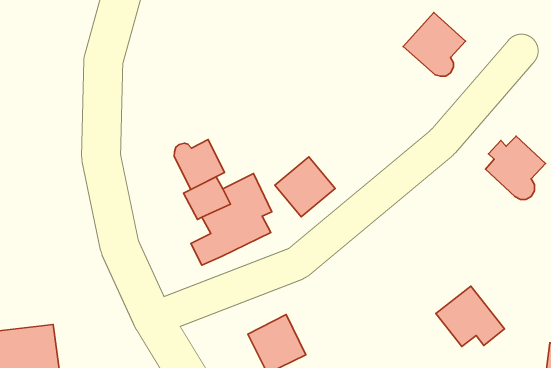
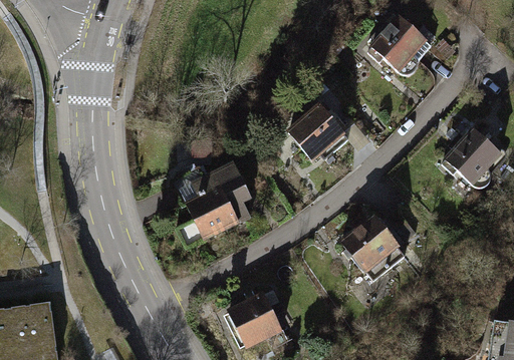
building: [174,139,224,189] -> none
building: [275,157,335,217] -> [287,104,342,159]
building: [436,286,505,346] -> [341,216,405,271]

